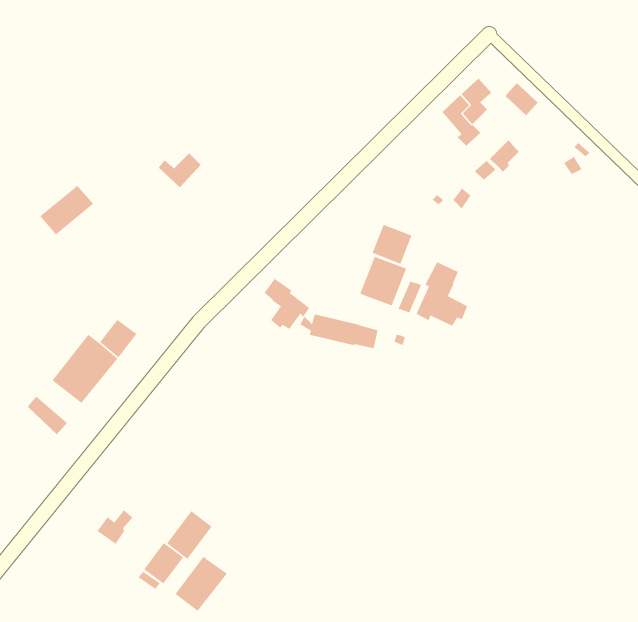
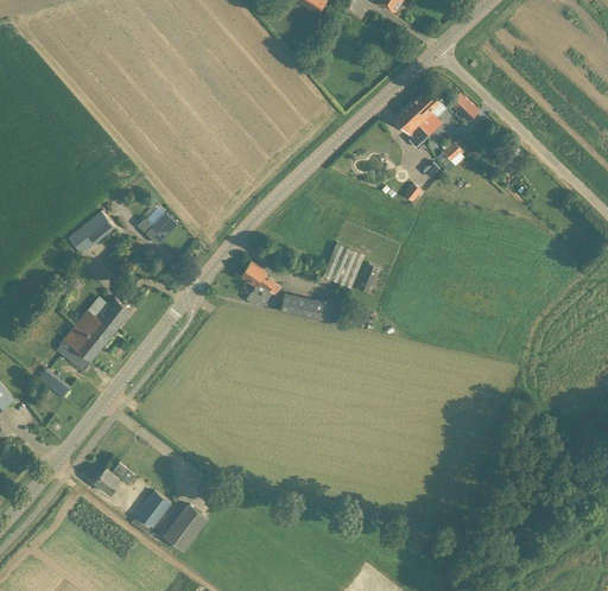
building: [158,152,202,188] -> [138,212,176,243]
building: [39,185,94,235] -> [68,210,115,254]
building: [371,224,413,265] -> none
building: [416,261,468,327] -> none
building: [166,510,212,560] -> none

